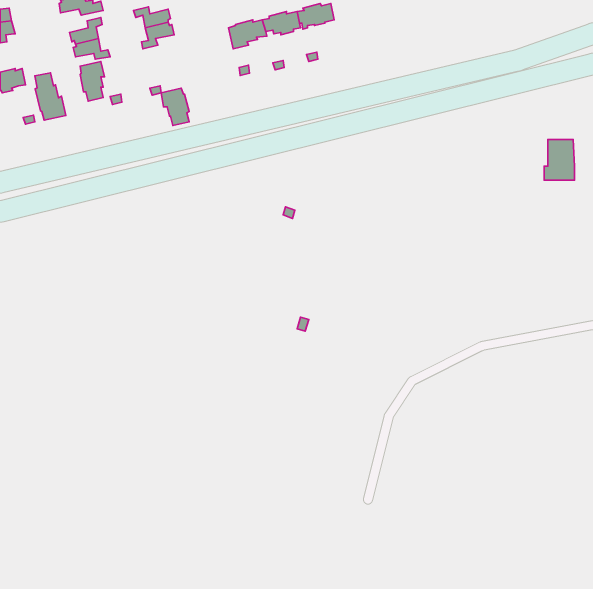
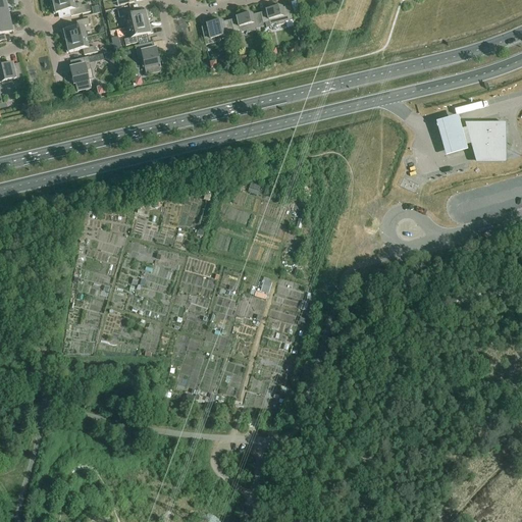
building: [35,73,66,120] -> none
building: [161,88,189,125] -> [136,40,160,72]
building: none -> [436,113,481,158]

